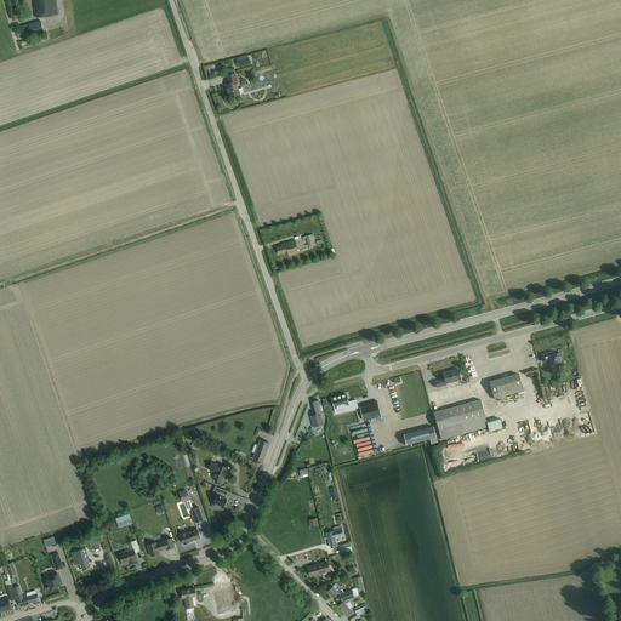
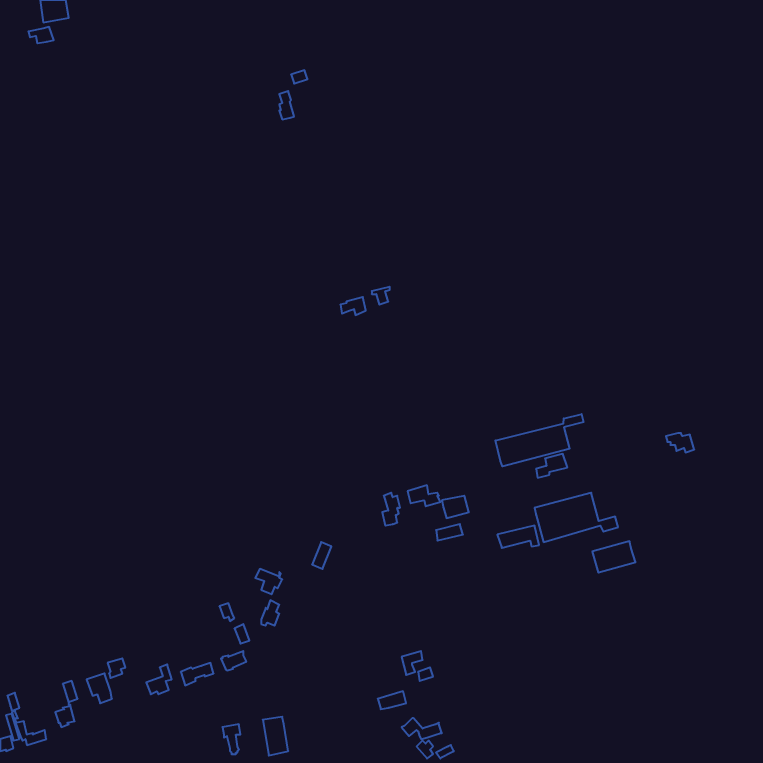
building: none -> [495,414,584,466]
building: [489,374,524,399] -> [592,541,636,573]

